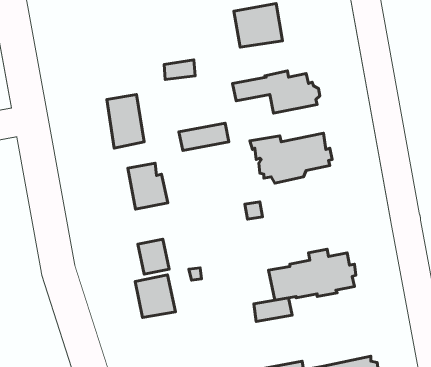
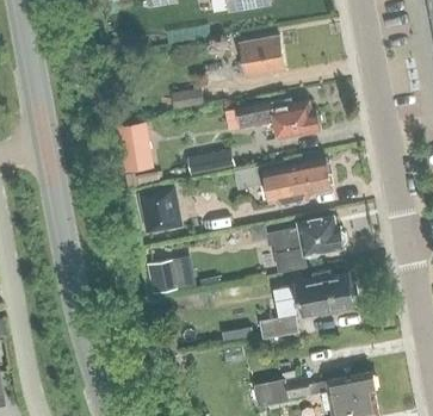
building: none -> [272,217,347,272]
building: [135,275,175,318] -> none

